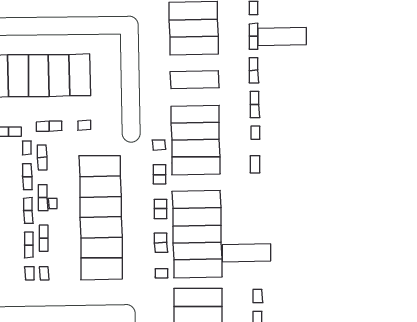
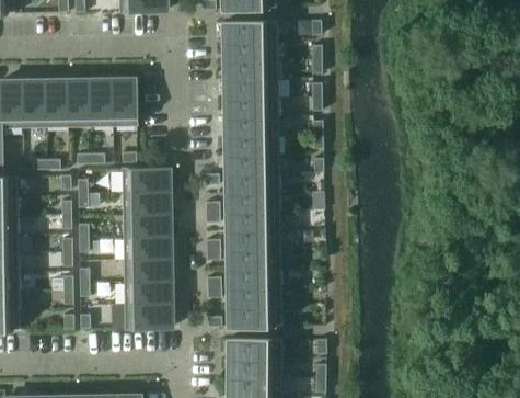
building: [258,28,306,45] -> [223,78,277,98]
building: none -> [224,115,278,136]
building: none -> [123,167,169,191]
building: [222,244,271,262] -> [226,211,279,230]

